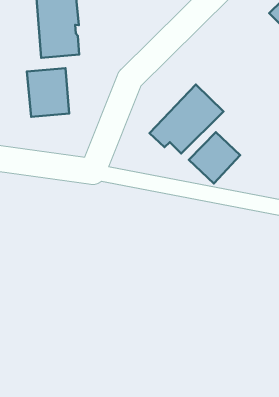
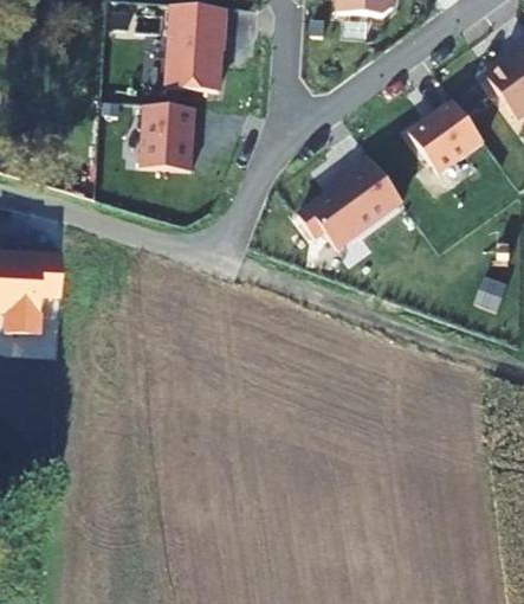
building: none -> [407,98,483,173]
building: [189,132,240,184] -> none

